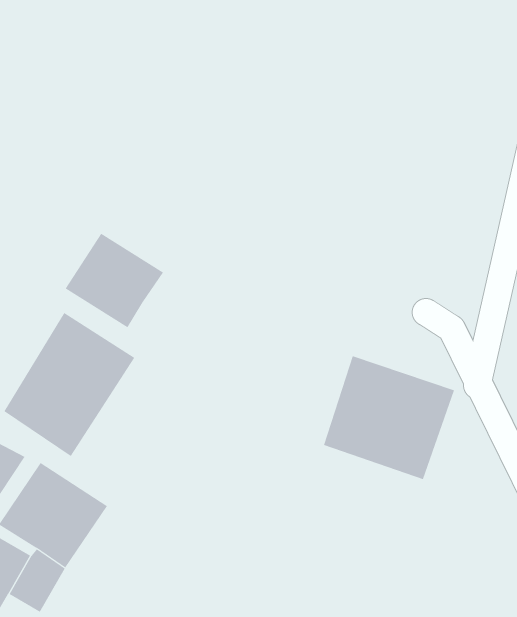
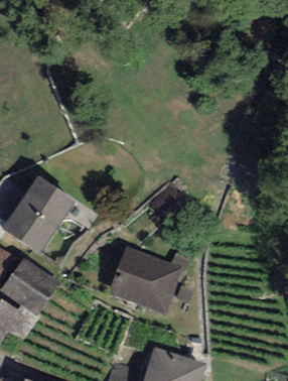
building: [65,233,164,328] -> none
building: [323,356,455,480] -> [110,246,182,314]

